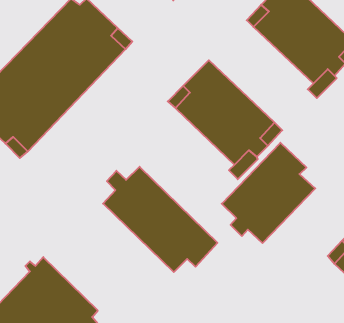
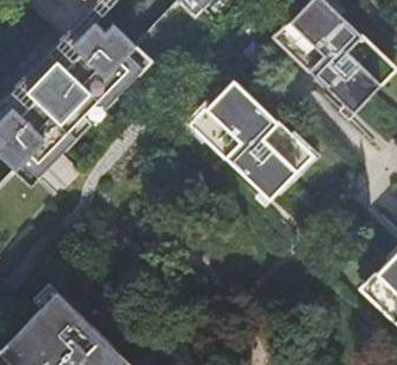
building: [222,143,315,243] -> none
building: [103,167,217,272] -> none

